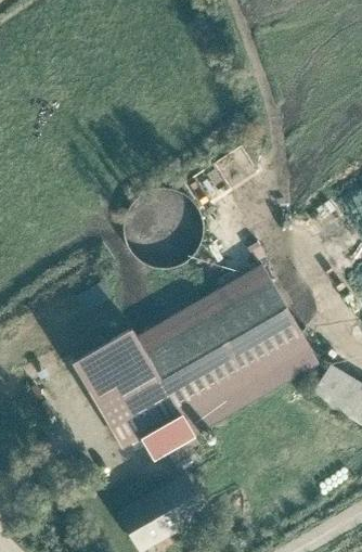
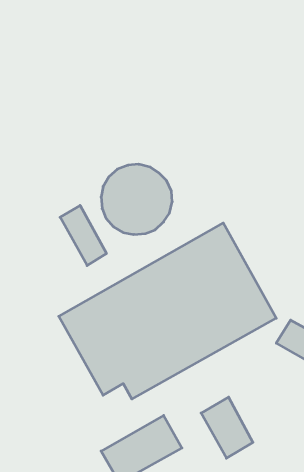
building: none -> [60,205,106,266]
building: none -> [201,397,253,458]

